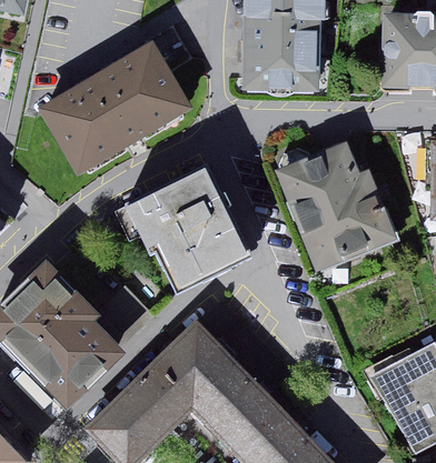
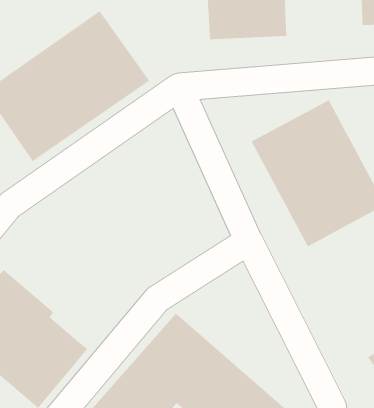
building: [126,170,247,290] -> none
building: [91,290,150,348] -> none

